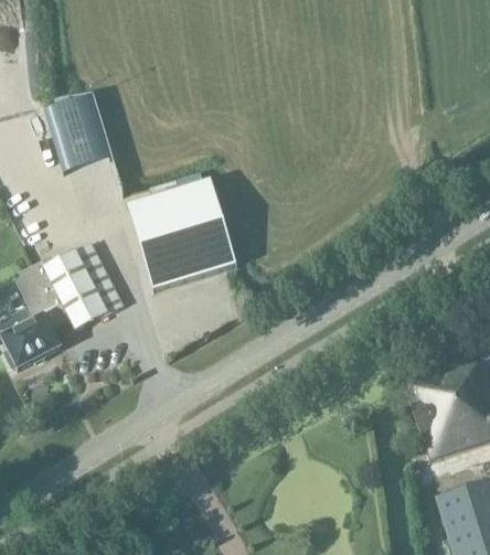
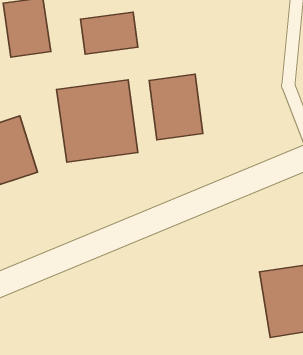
building: none -> [80,12,138,54]
building: none -> [149,74,203,140]

